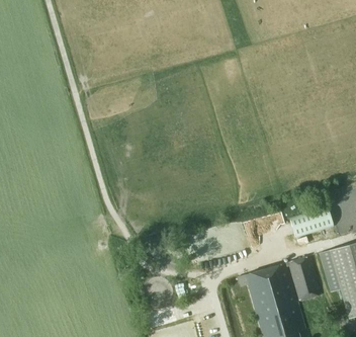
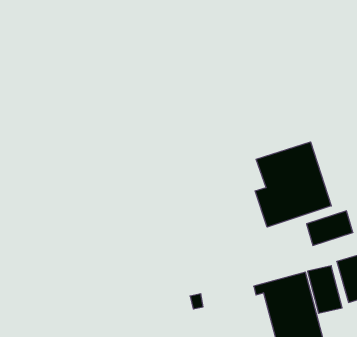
building: none -> [255,142,331,227]

